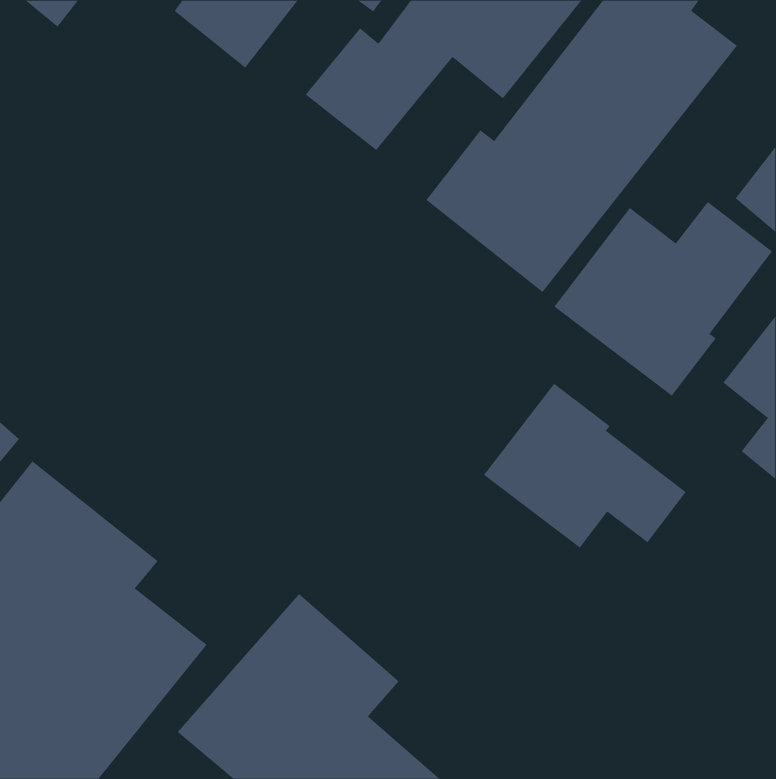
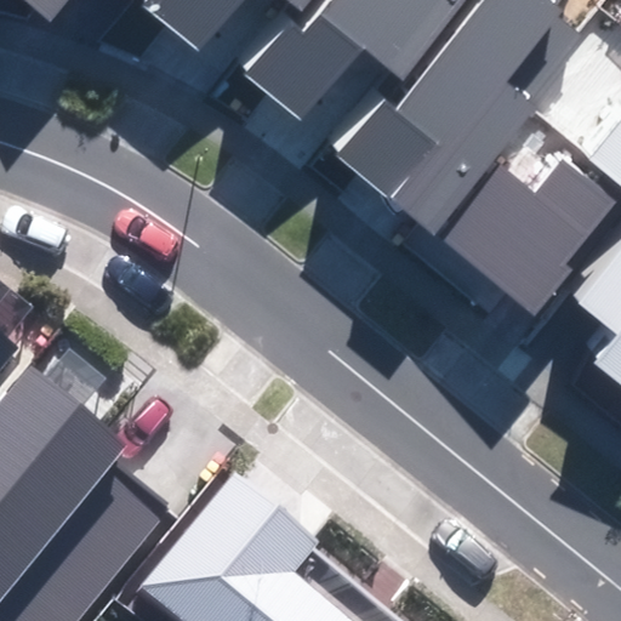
building: [483,383,687,548] -> none

